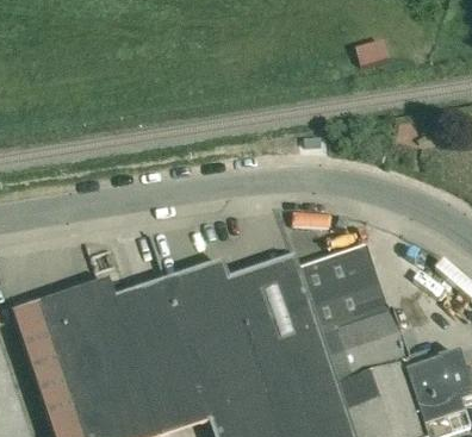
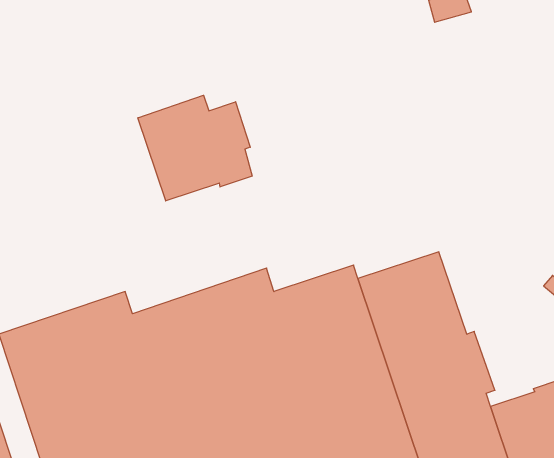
building: none -> [138,95,252,201]

